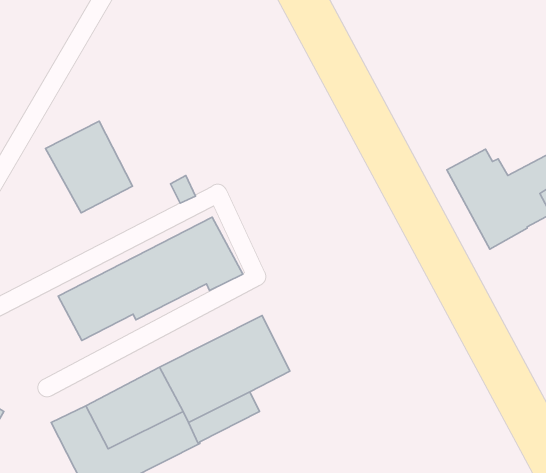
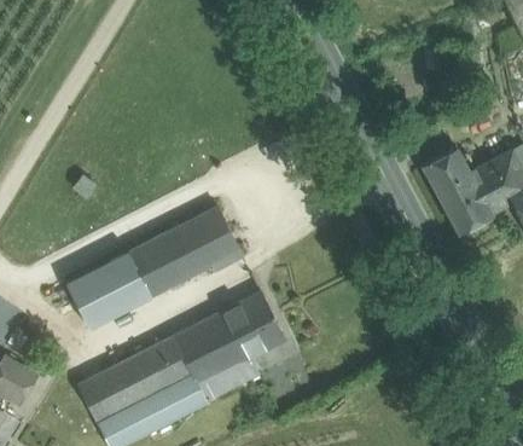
building: [46,121,132,213] -> none
building: none -> [66,276,104,323]

